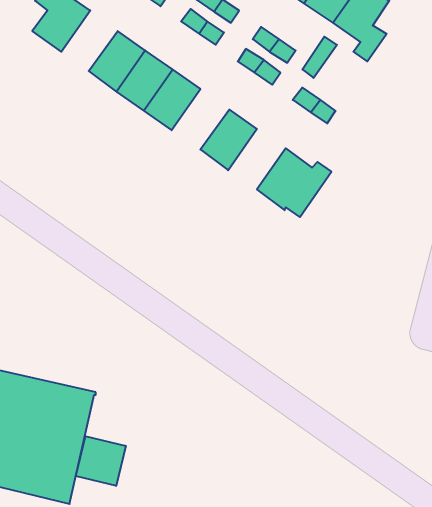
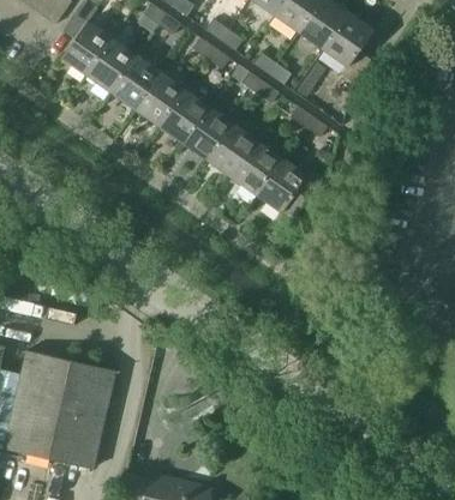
building: none -> [88,38,137,91]
building: none -> [184,107,234,159]
building: none -> [233,141,283,194]
building: [76,436,126,486] -> none

